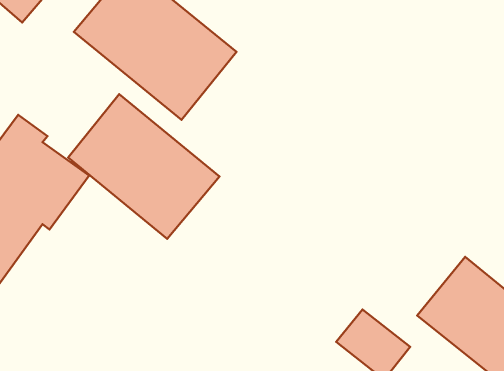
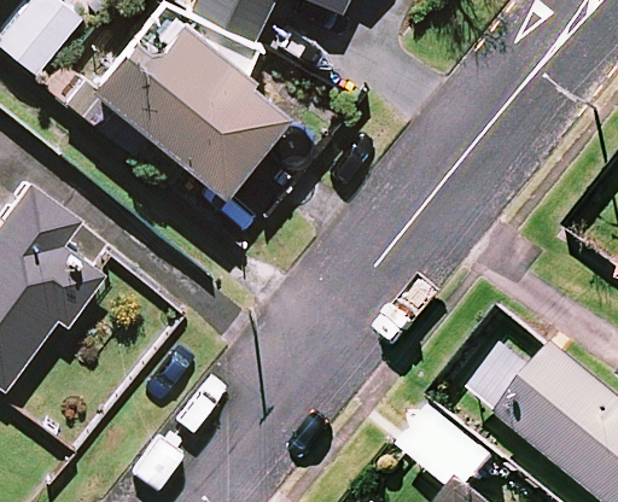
building: [68,94,219,239] -> none

